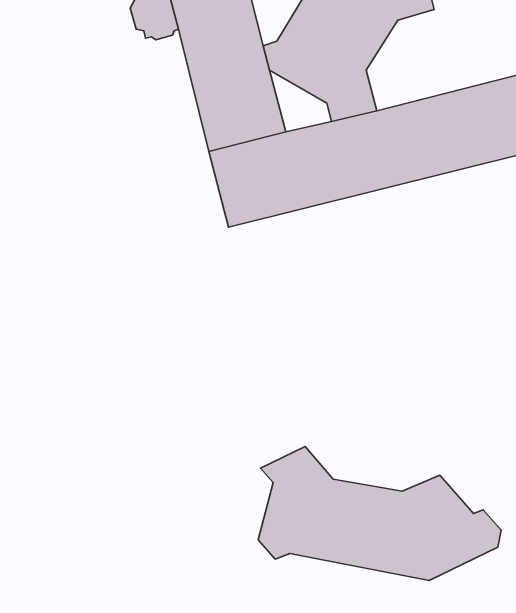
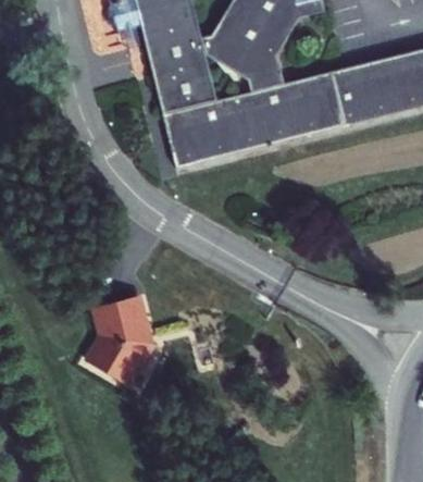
building: none -> [88,296,155,383]
building: [258,446,501,580] -> none

